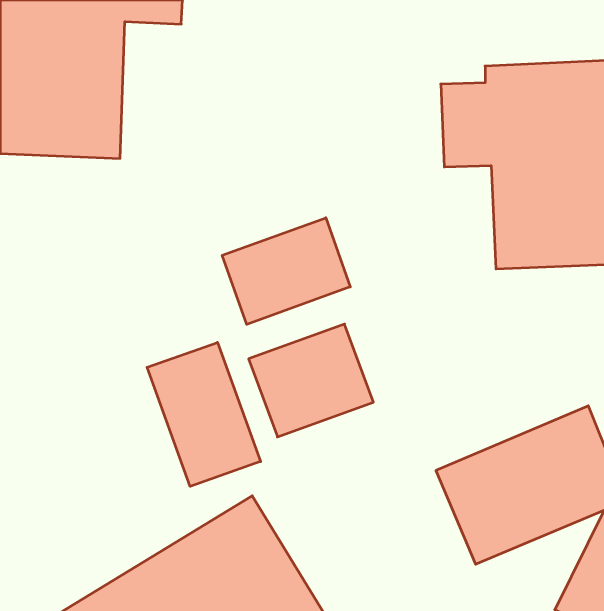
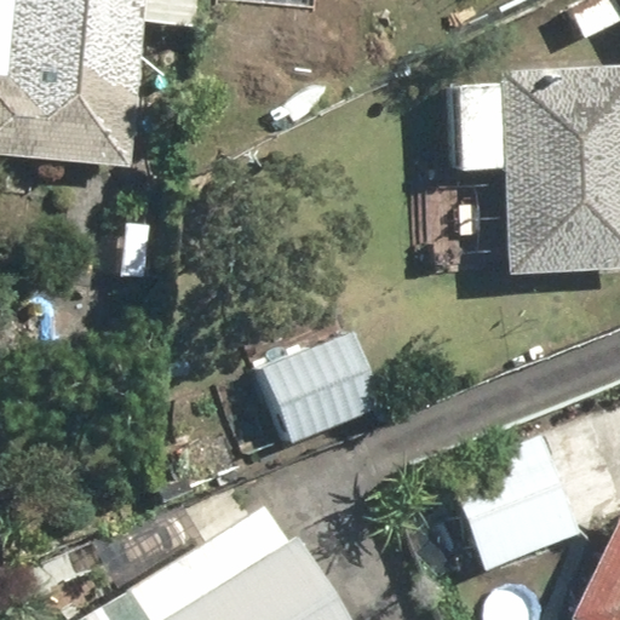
building: [222,218,350,324] -> none
building: [147,342,261,486] -> none

